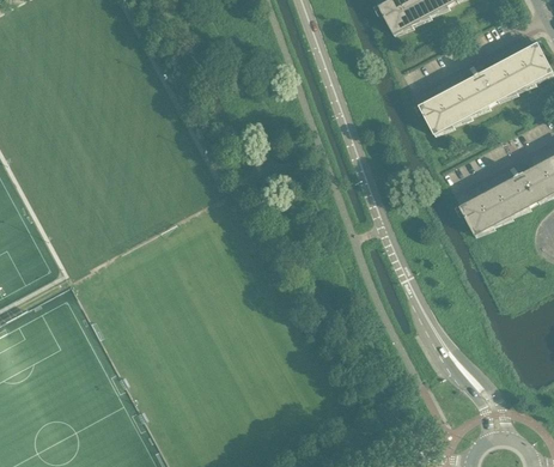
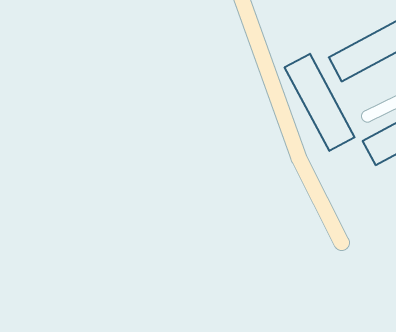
building: none -> [285,54,355,151]

